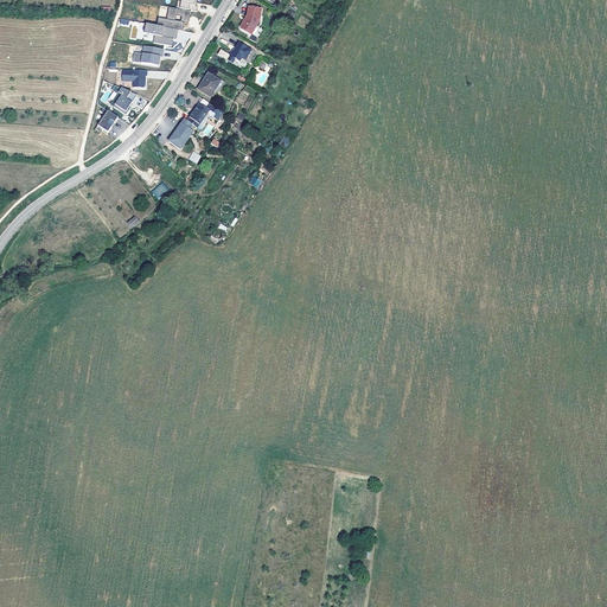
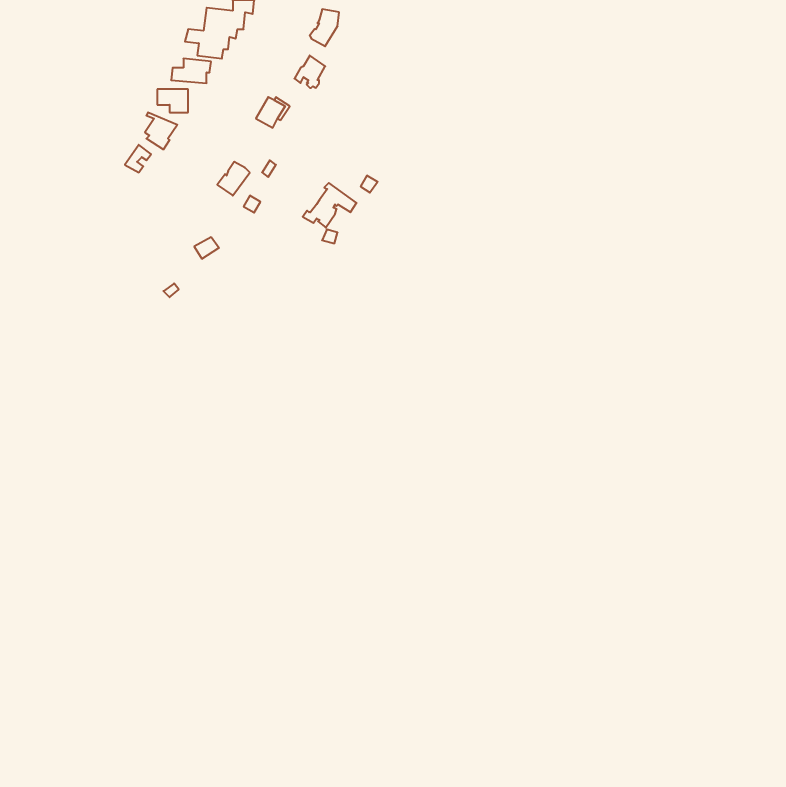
building: [180,98,222,133] -> [303,183,357,228]

